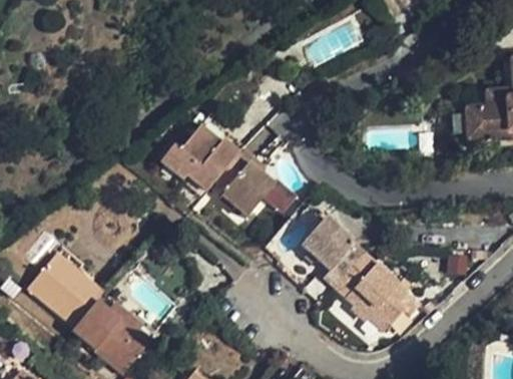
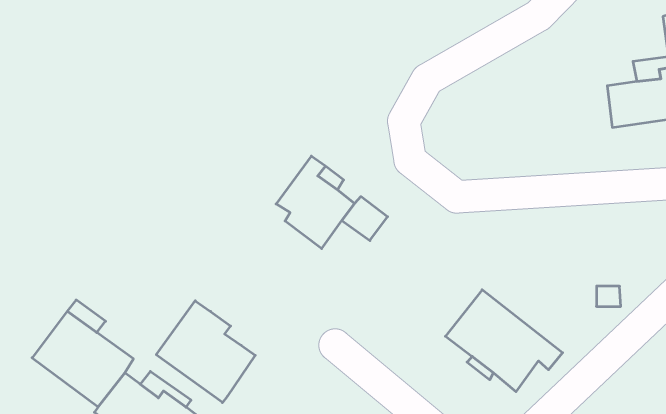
building: [159,125,243,191] -> none
building: [300,218,364,287] -> none
building: none -> [156,301,255,403]

